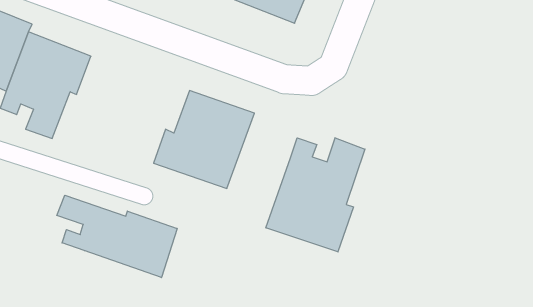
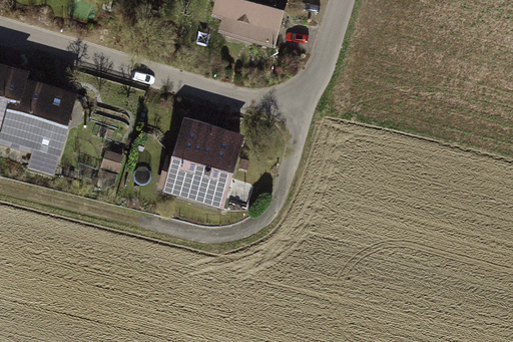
building: [266,138,365,252] -> none
building: [57,195,177,278] -> none

